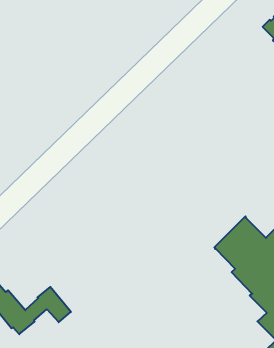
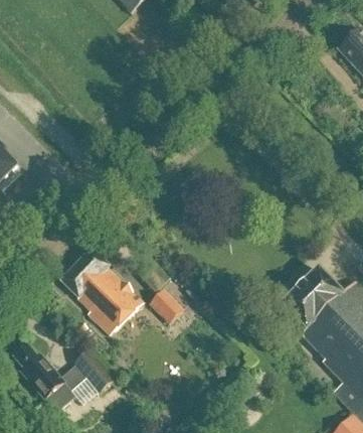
building: none -> [61,250,144,334]
building: none -> [151,290,186,331]

